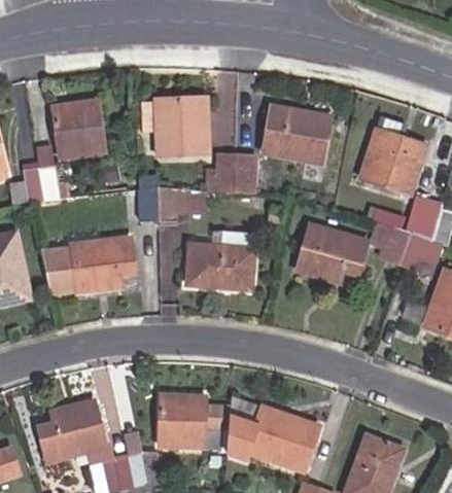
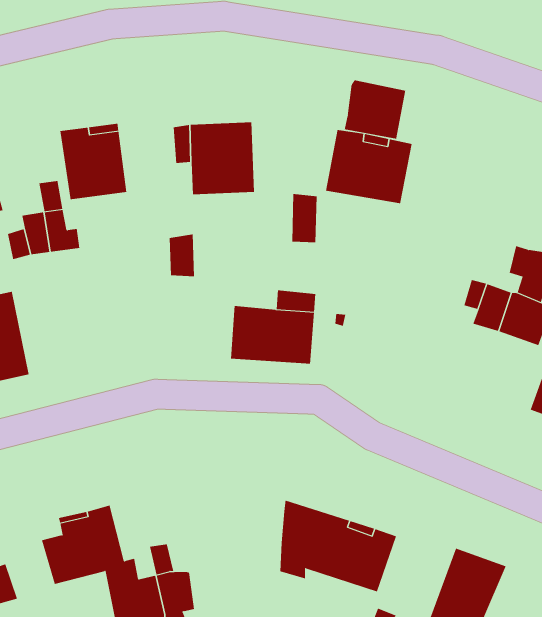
building: none -> [344,79,406,139]
building: [360,128,426,193] -> none
building: [207,154,236,192] -> none
building: [158,186,189,220] -> none
building: [297,224,367,283] -> none
building: [40,238,136,295] -> none
building: [159,393,229,447] -> none

